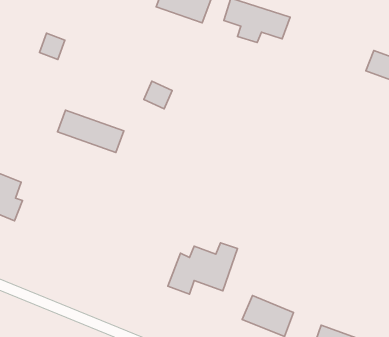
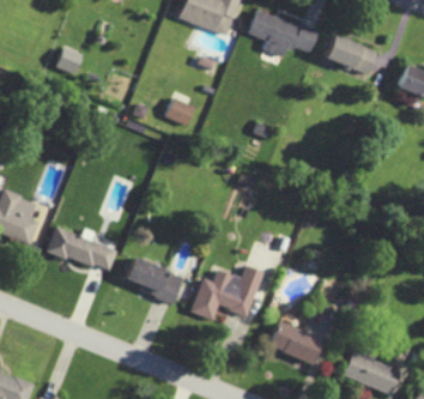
building: none -> [326,35,377,74]
building: [57,110,124,153] -> [48,228,117,272]
building: none -> [126,258,184,303]

